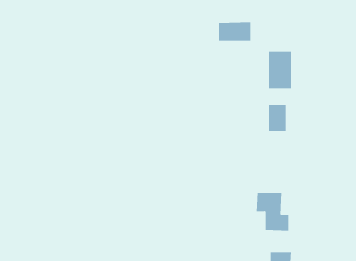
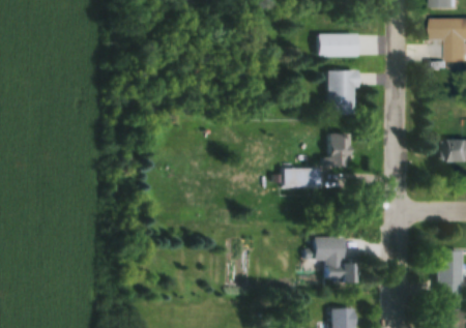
building: [218,22,251,41] -> [316,33,355,56]
building: none -> [281,167,319,187]

